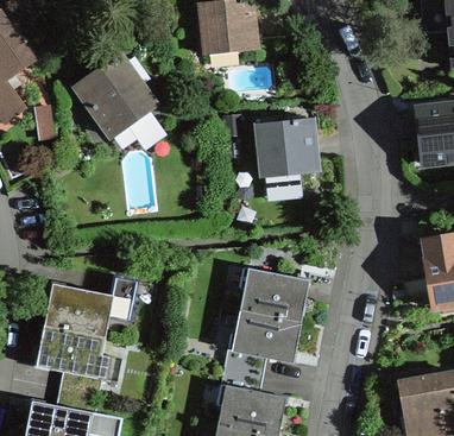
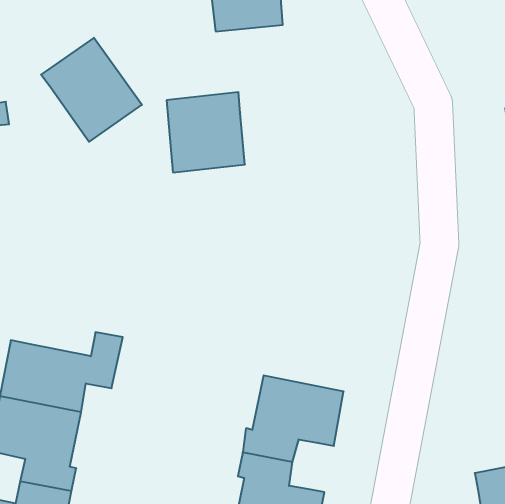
building: [258,119,316,178] -> [167,92,245,172]
building: [241,268,309,322] -> none

